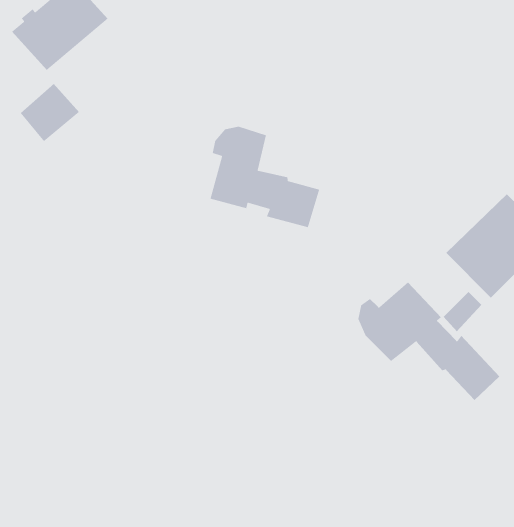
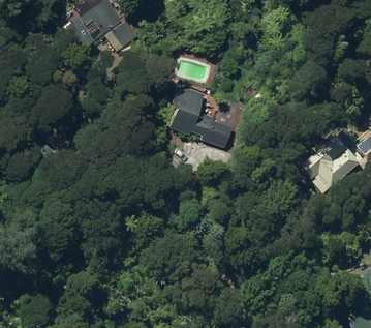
building: [20,83,80,142] -> [104,18,138,51]
building: [357,282,500,401] -> none

